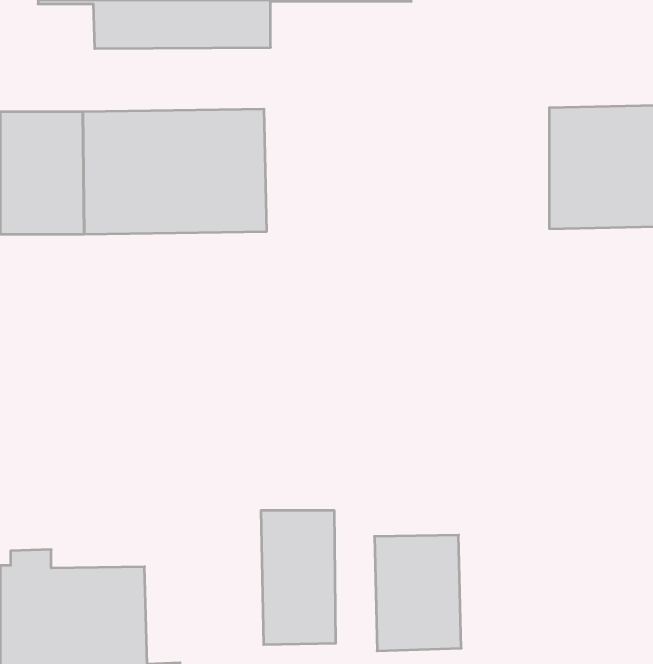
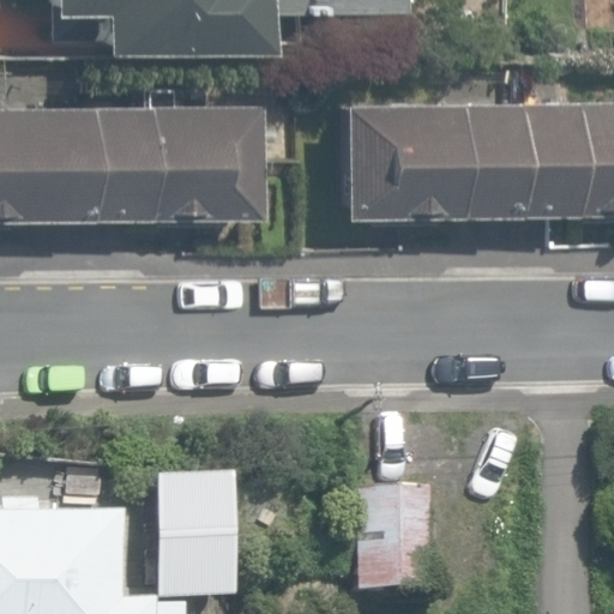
building: none -> [349,106,518,219]
building: [261,511,336,645] -> [156,480,224,602]

